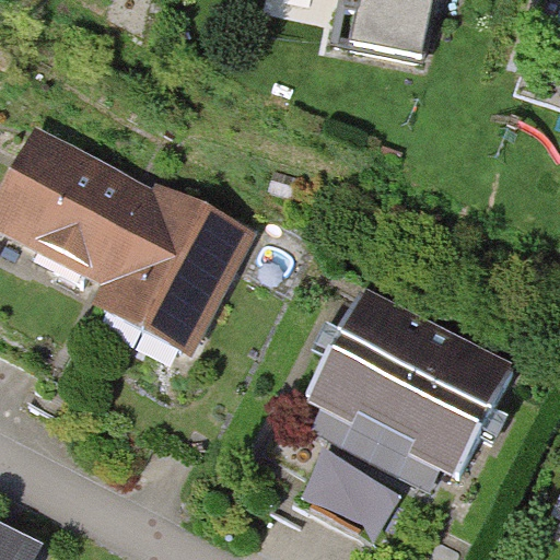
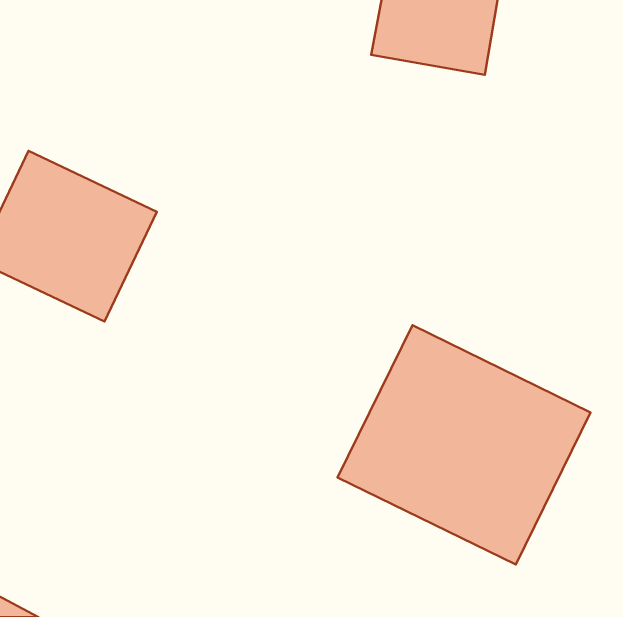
building: [83,186,250,355] -> none
building: [291,442,398,530] -> none

